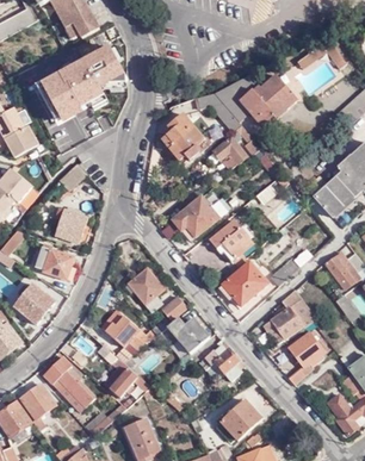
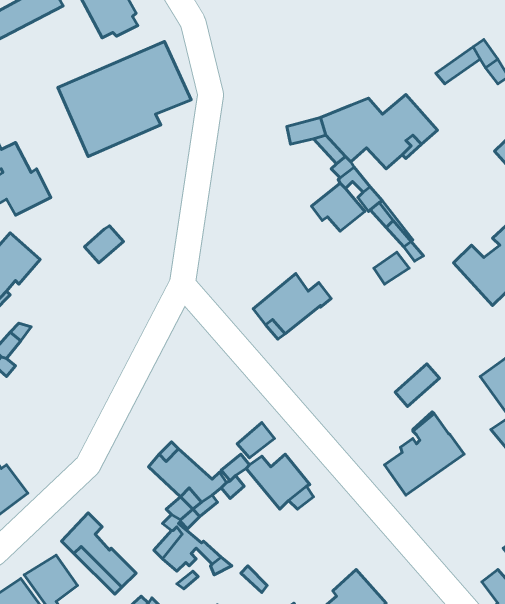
building: [160,111,211,161] -> none
building: [55,208,88,243] -> none
building: [209,220,253,261] -> none
building: [36,247,78,280] -> none
building: [219,257,267,306] -> none
building: [128,269,163,313] -> none
building: [14,285,54,325] -> none
building: [289,332,323,386] -> none
building: [202,343,242,381] -> none

